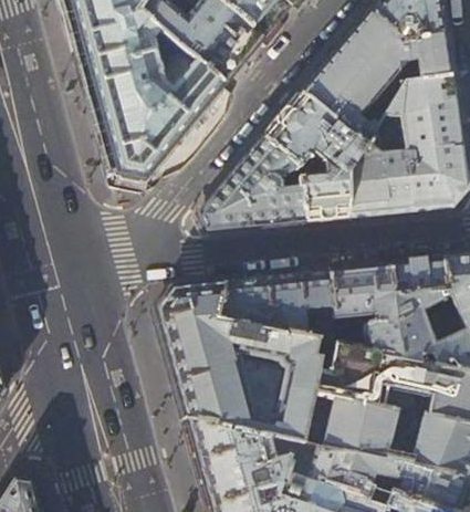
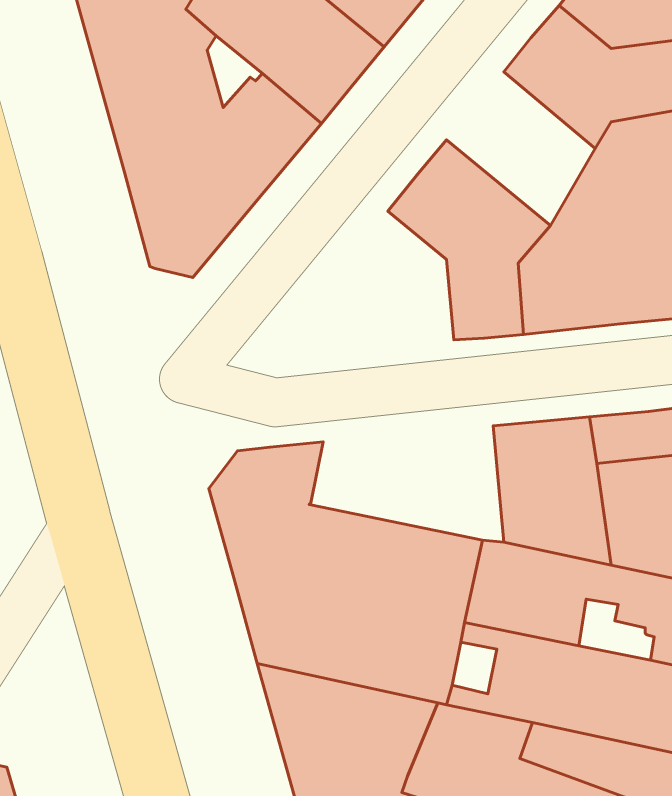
building: [304,51,396,146] -> none
building: [203,137,309,227] -> none
building: [219,270,340,342] -> none

